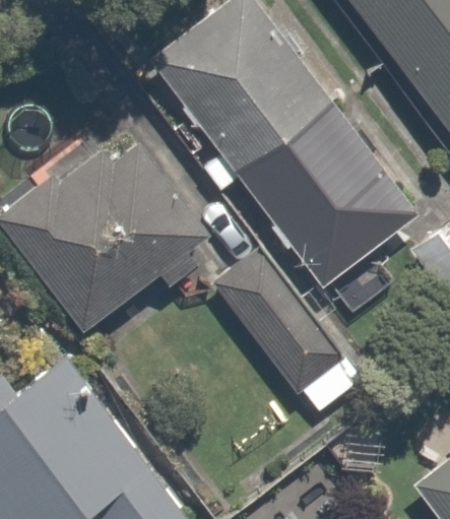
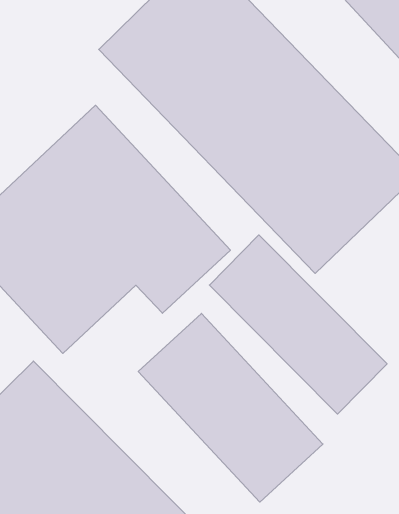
building: none -> [138,313,323,502]

